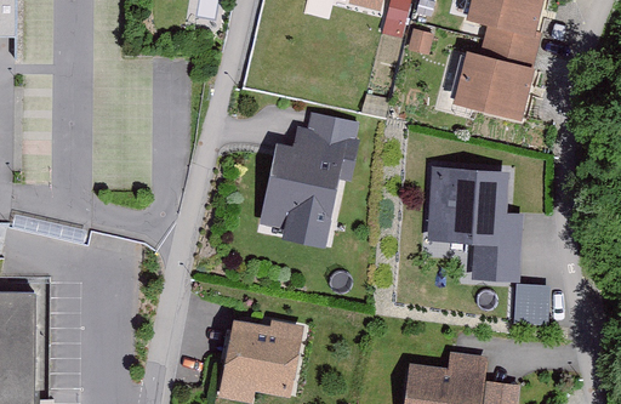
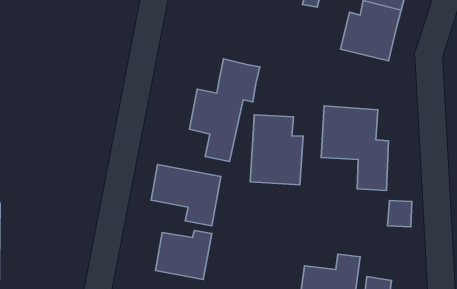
building: none -> [250,115,303,185]
building: none -> [151,164,221,226]

